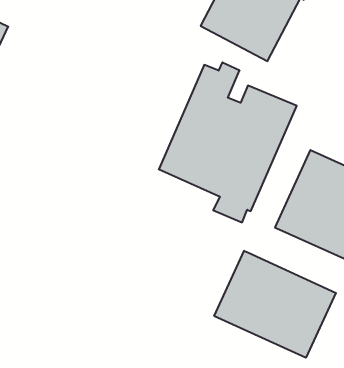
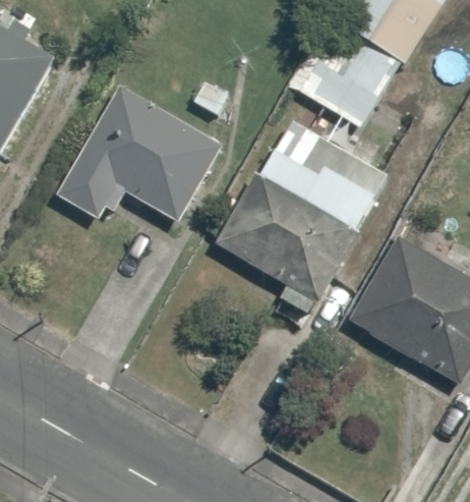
building: none -> [58,85,223,221]
building: [214,251,336,358] -> none

